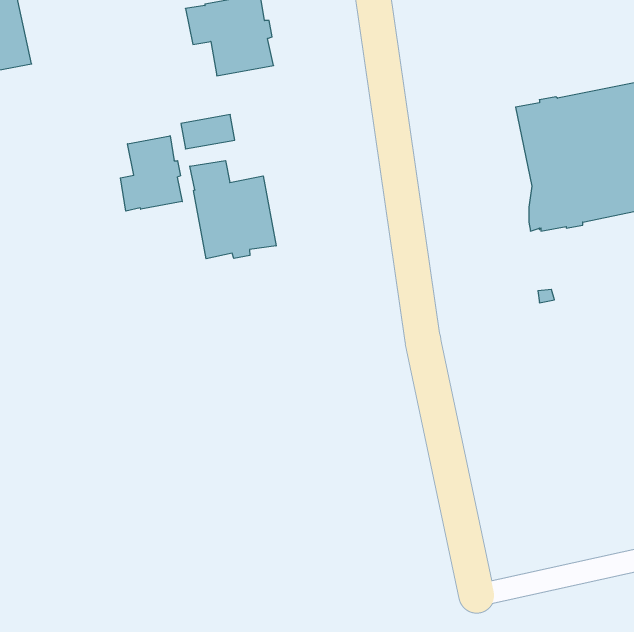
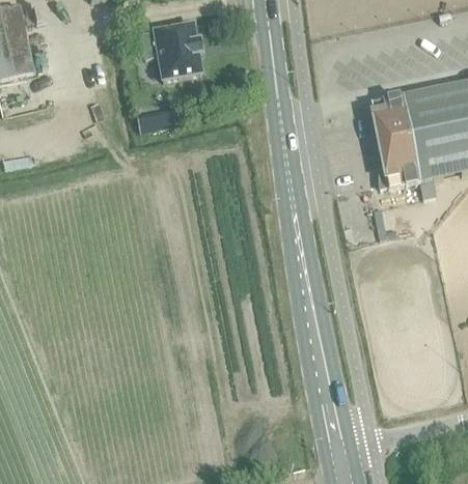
building: [120,136,182,211] -> none
building: [190,161,276,259] -> none

